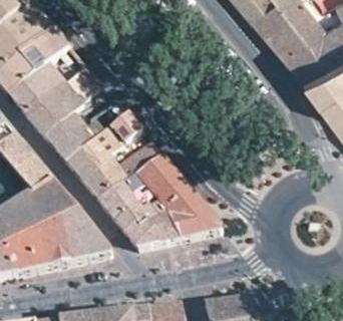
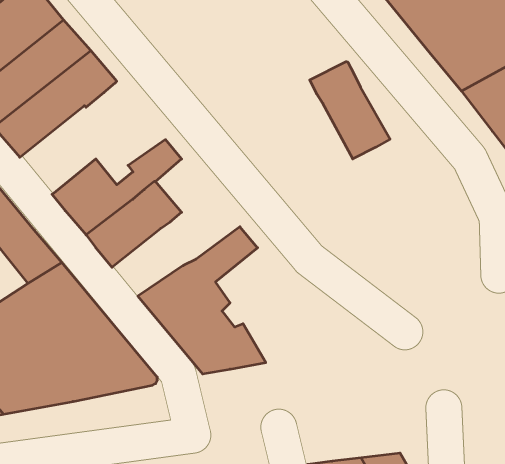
building: none -> [310,62,390,159]
building: [26,66,104,135] -> none
building: [83,133,162,199] -> none
building: [147,169,222,240] -> none

